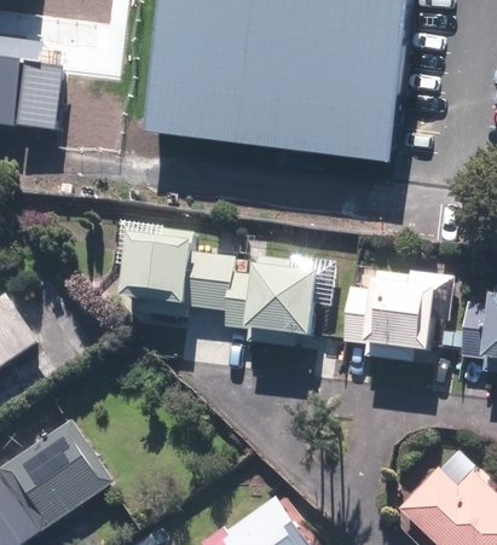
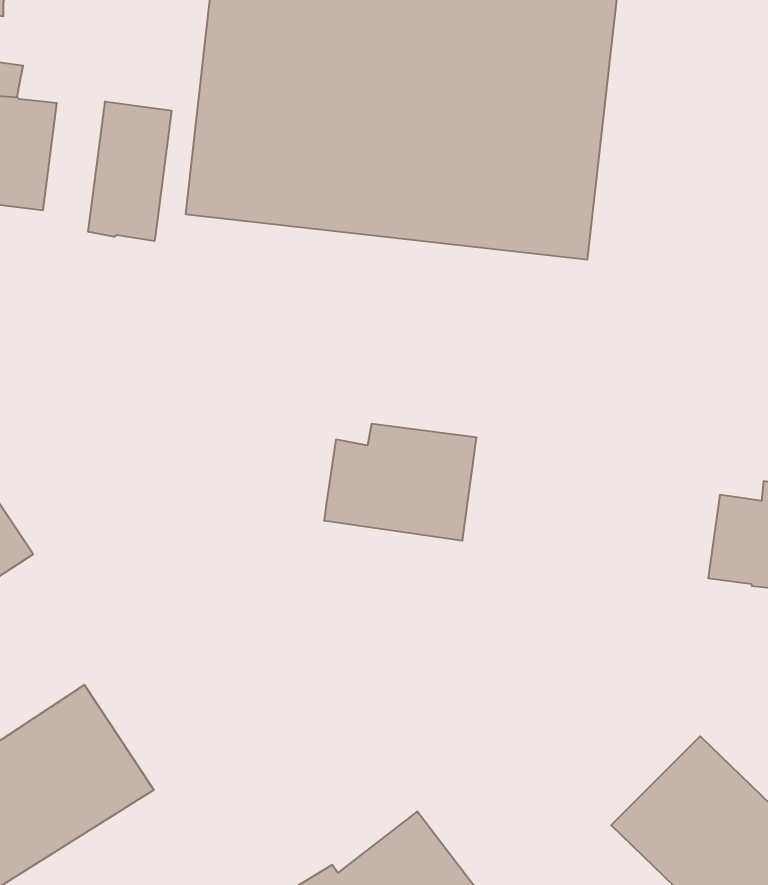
building: none -> [88,101,171,241]
building: [115,227,233,311] -> none
building: [346,272,449,353] -> none

